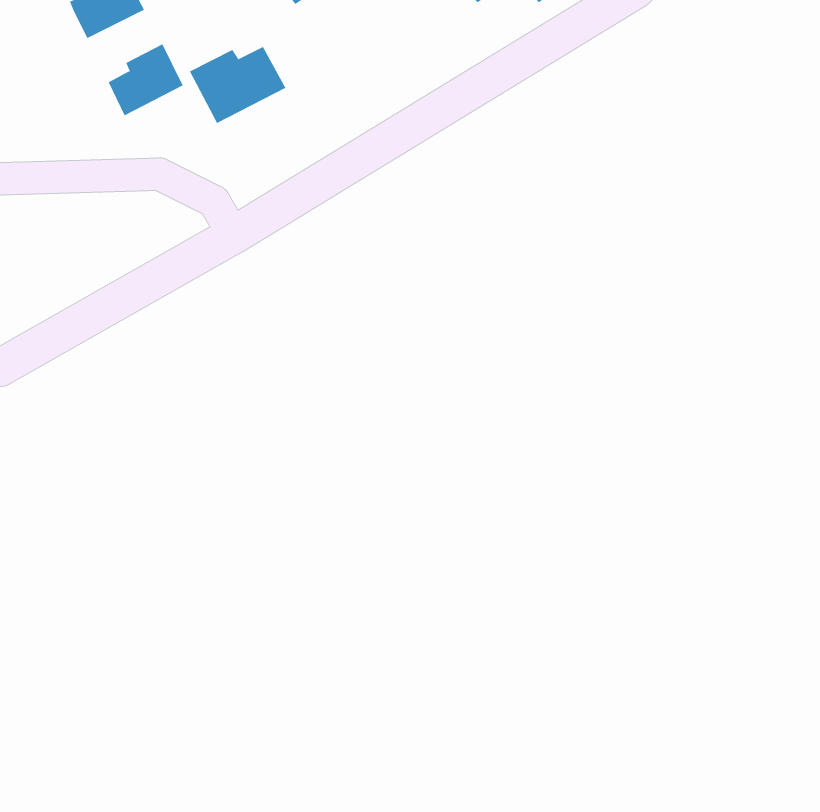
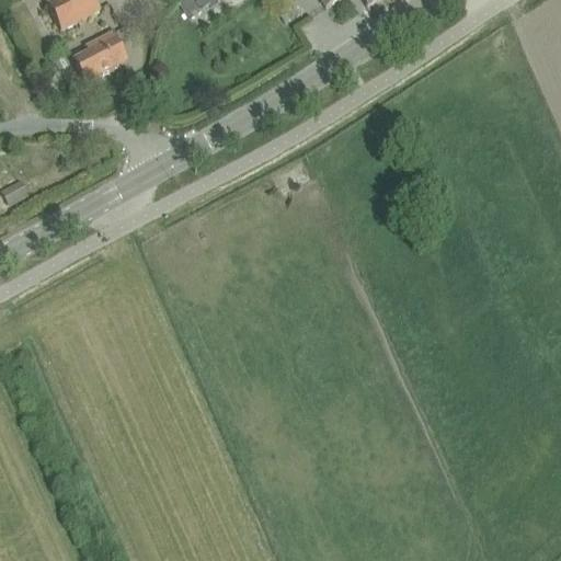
building: [189,46,286,124] -> none

